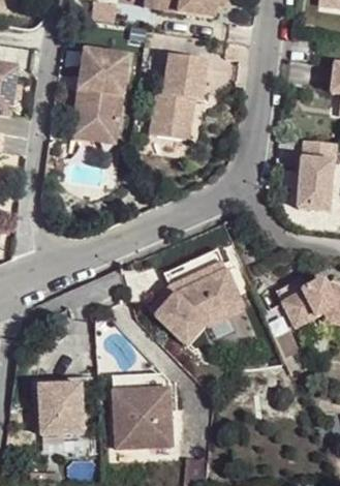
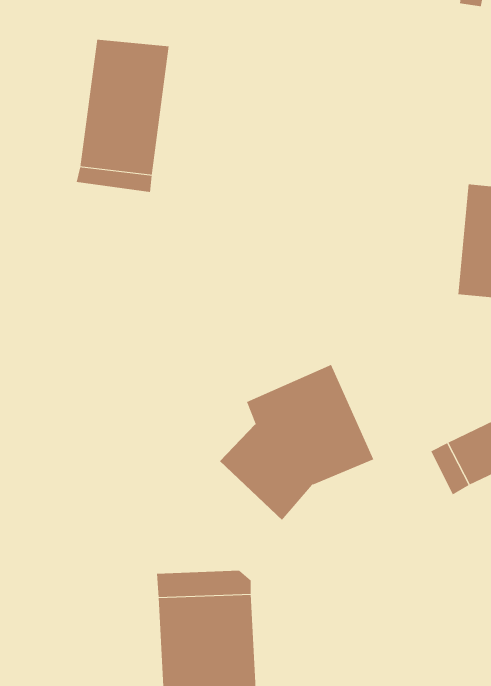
building: [146,56,203,141] -> none
building: [42,377,87,436] -> none

